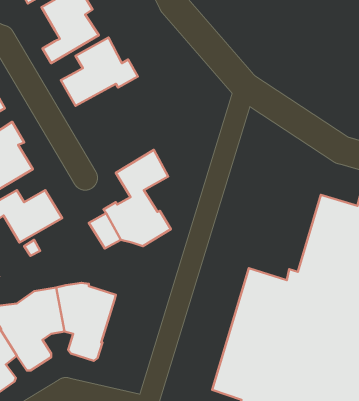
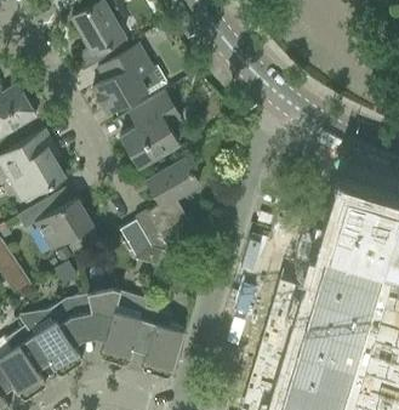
building: none -> [119,92,181,170]
building: none -> [131,308,184,381]

